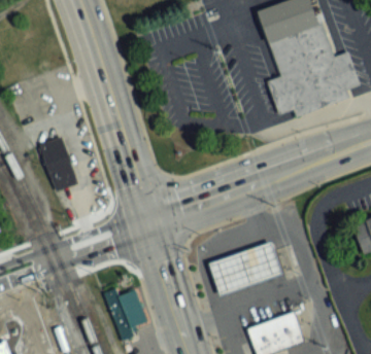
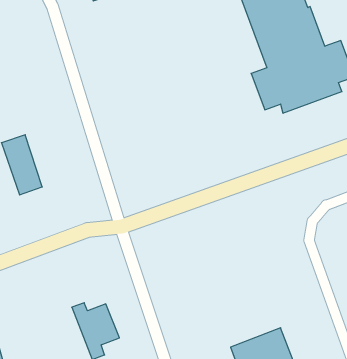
building: [207,242,280,295] -> none

